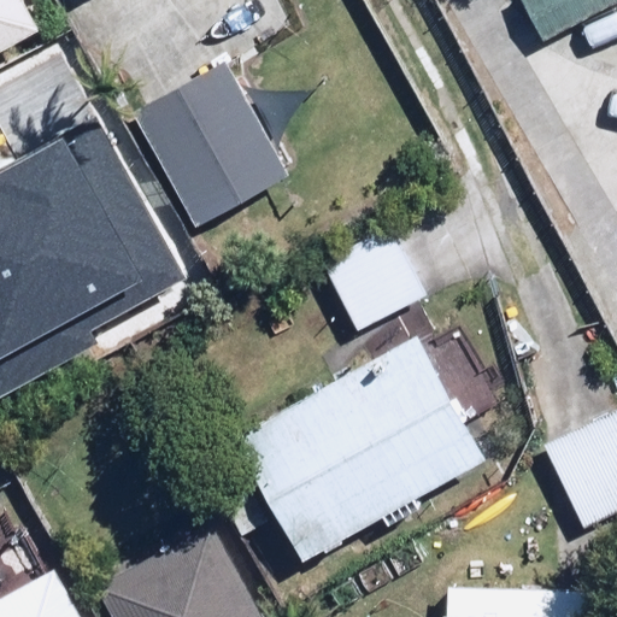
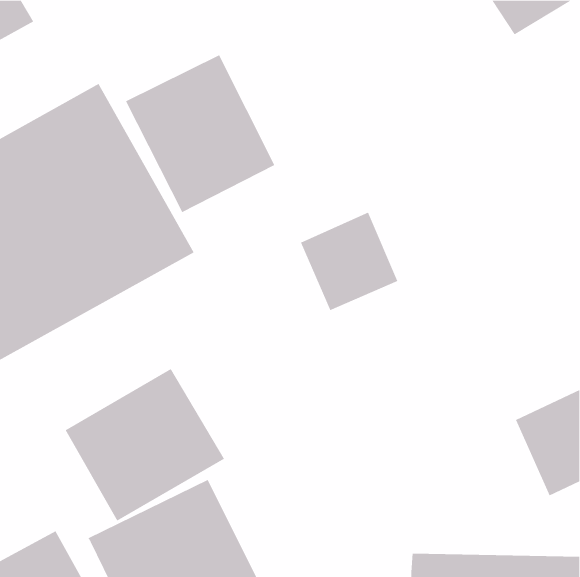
building: [233,334,482,562] -> none
building: none -> [65,368,225,521]

